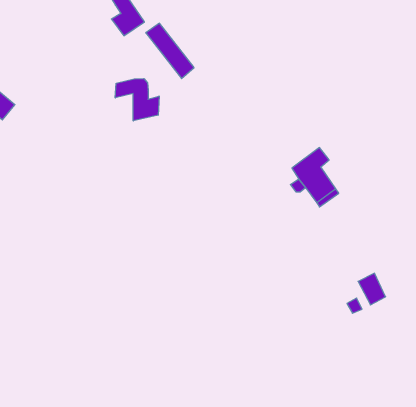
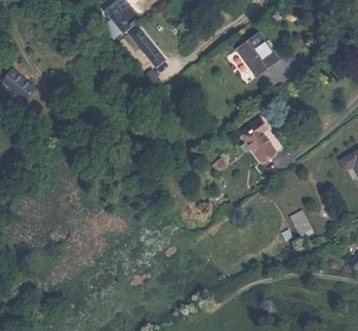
building: none -> [238,33,279,75]
building: [115,79,159,121] -> none

